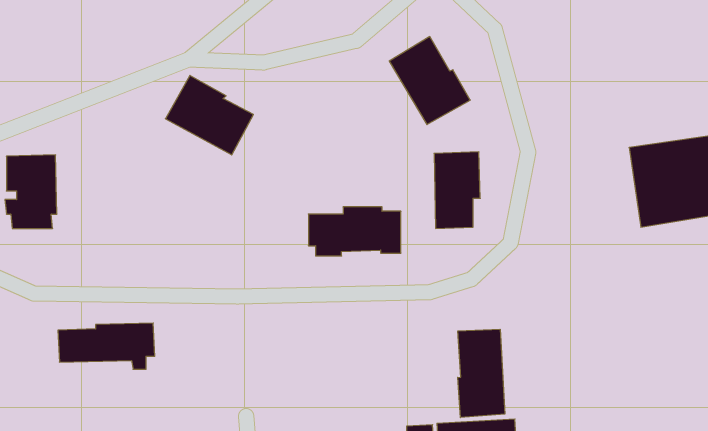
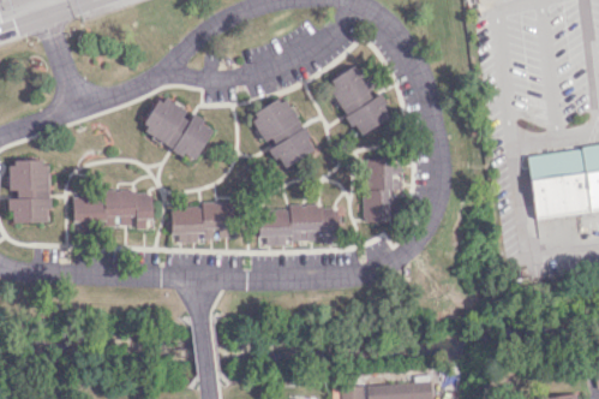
building: none -> [253,97,316,169]
building: none -> [172,204,236,243]
building: [58,323,155,369] -> [73,191,154,230]
building: [458,329,505,418] -> none

